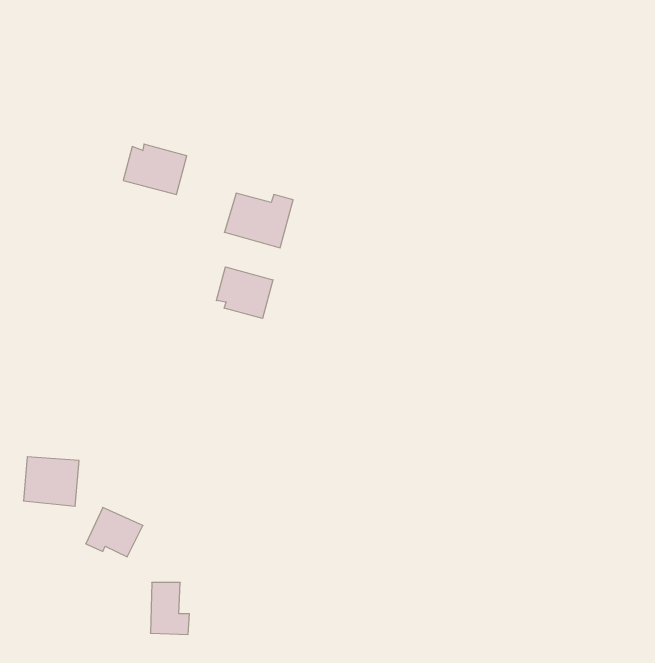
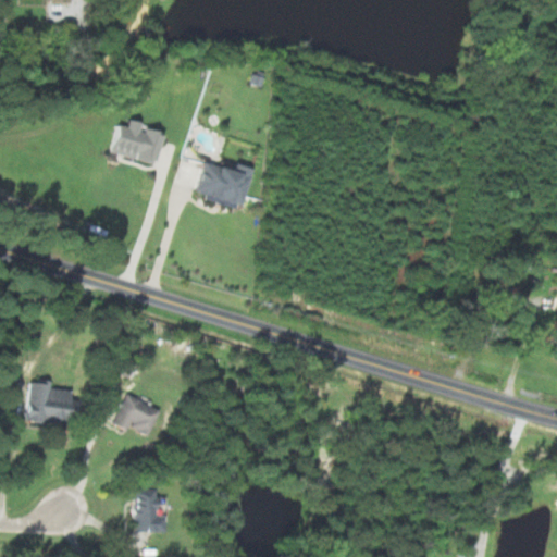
building: [216,267,273,318] -> none
building: [86,507,143,557] -> [113,394,161,435]

